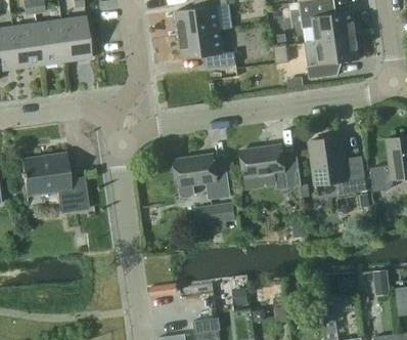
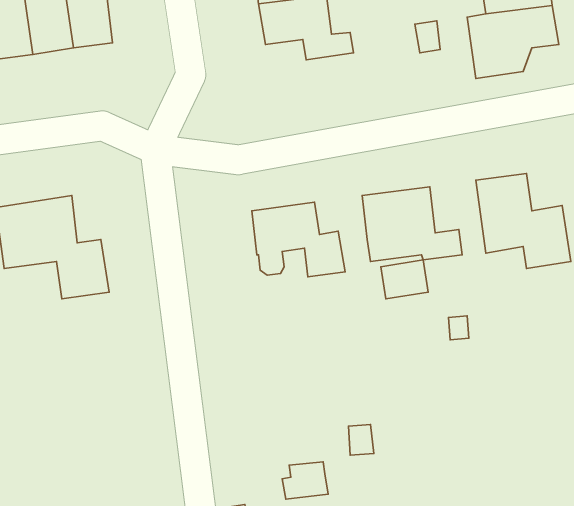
building: [206,201,234,224] -> [381,260,428,299]

